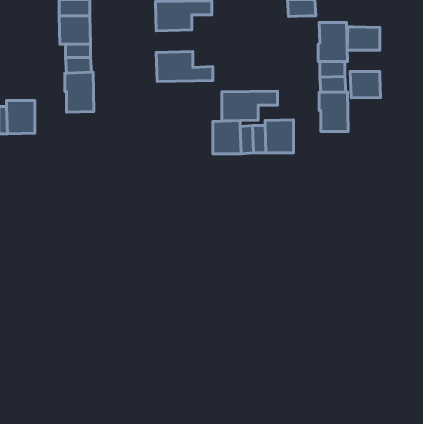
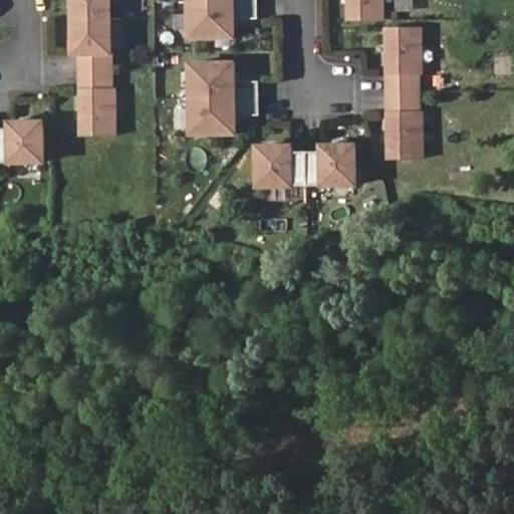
building: [347,27,380,50] -> none
building: [350,71,381,98] -> none
building: [222,91,277,121] -> [190,97,257,134]

